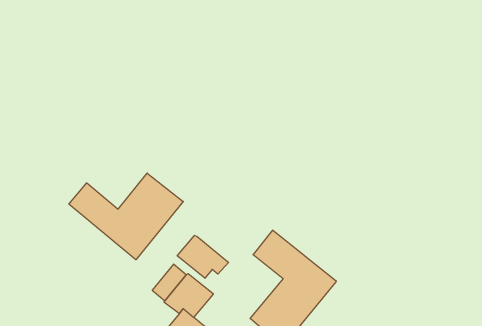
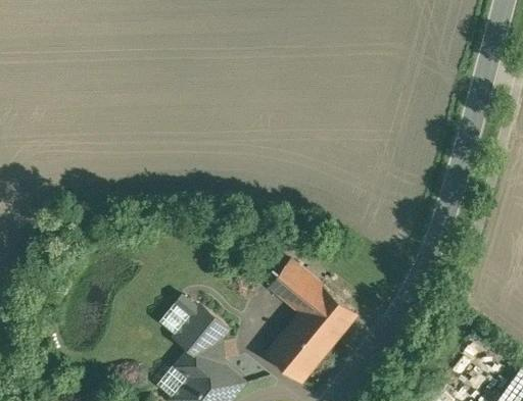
building: [69,173,183,260] -> none
building: [177,235,229,278] -> none

